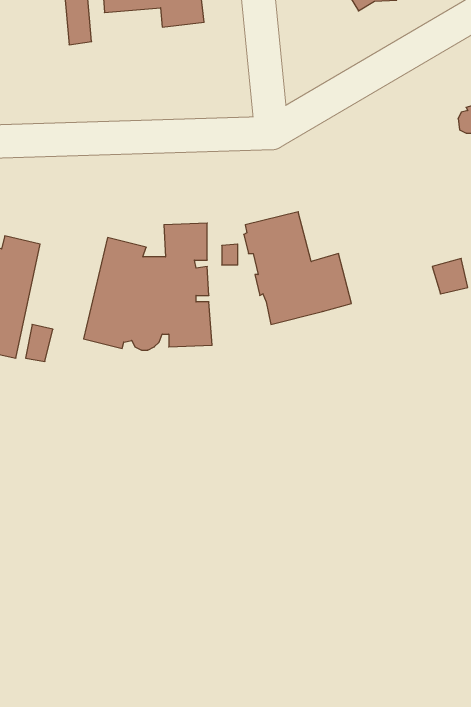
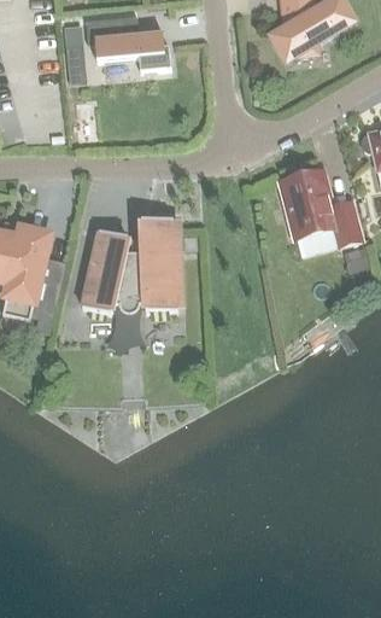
building: [244,212,351,324] -> [280,168,361,252]

